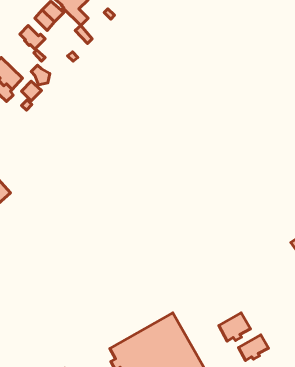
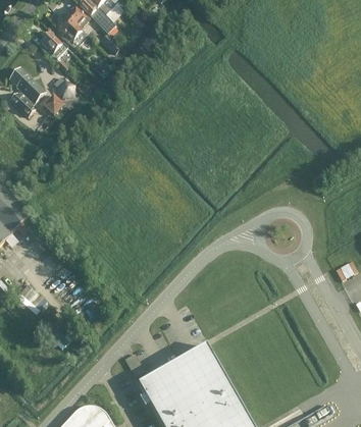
building: [219,313,251,341] -> none
building: [239,335,269,360] -> none

